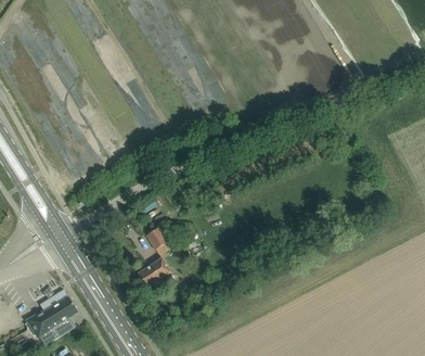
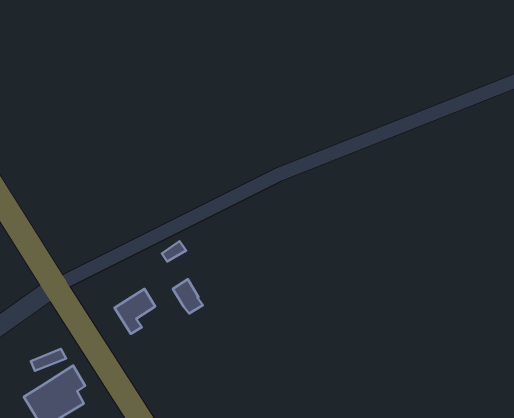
building: [138,257,170,293] -> [114,289,155,334]

